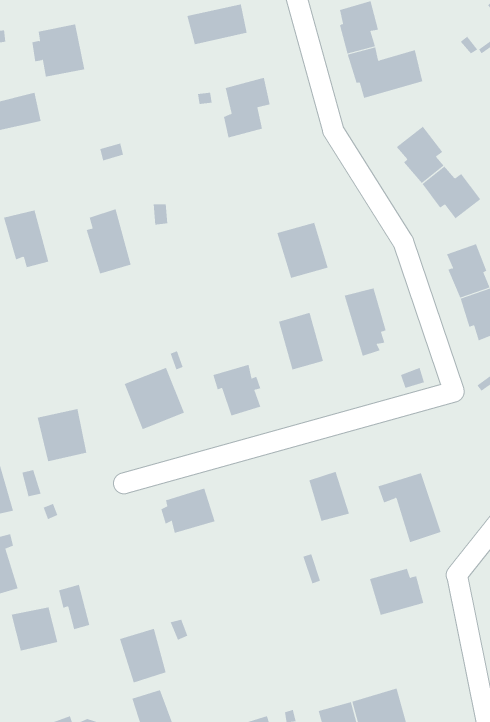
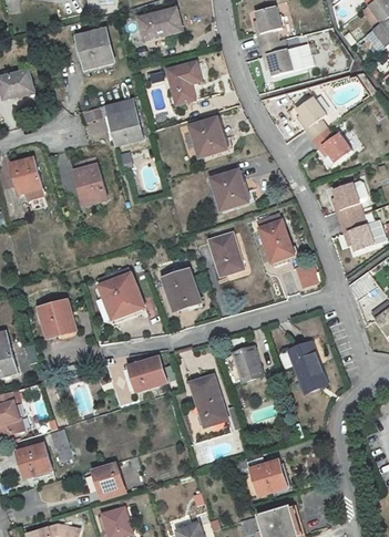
building: [32,24,85,77] -> [79,27,117,65]
building: none -> [100,99,136,147]
building: none -> [191,118,233,157]
building: none -> [188,376,225,427]
building: [369,568,424,615] -> [248,462,288,496]

